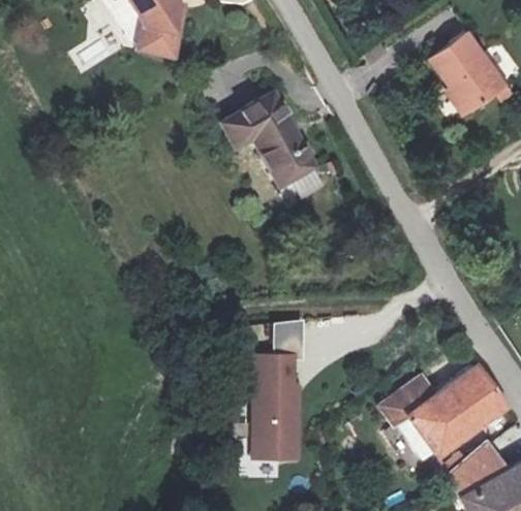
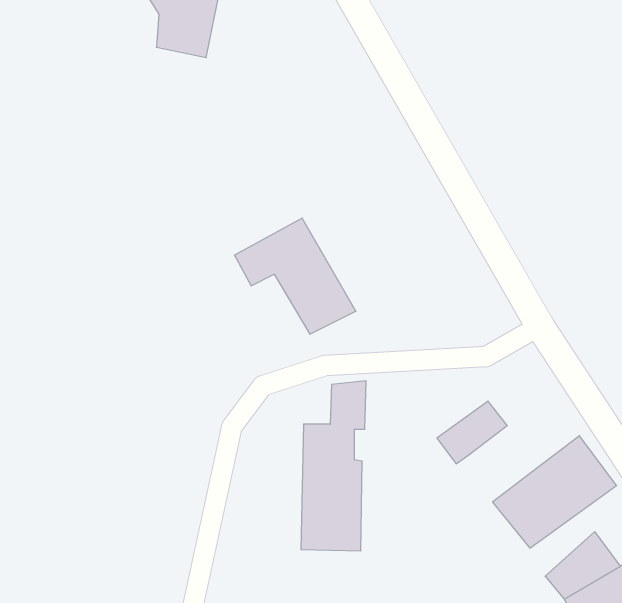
building: [432,33,504,114] -> none
building: [220,95,318,189] -> [234,218,356,334]
building: [380,375,437,425] -> [437,401,507,464]

